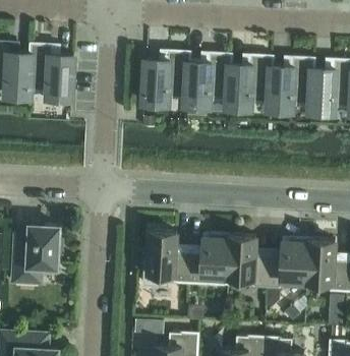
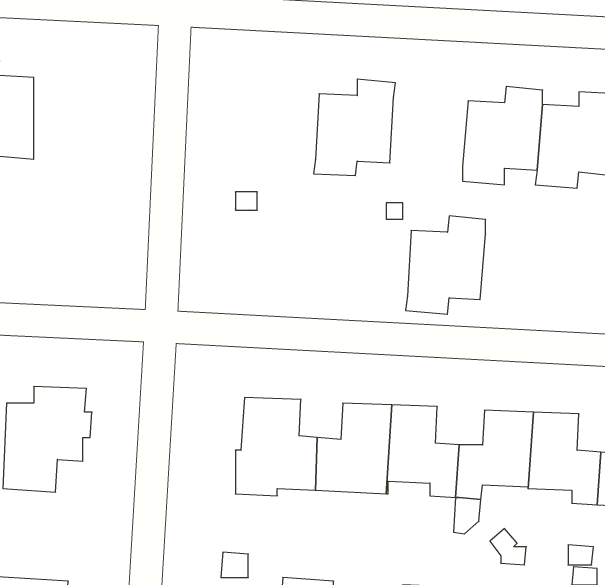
building: [30,45,73,101] -> none
building: [144,52,190,106] -> none
building: [228,56,273,111] -> [406,216,486,314]

